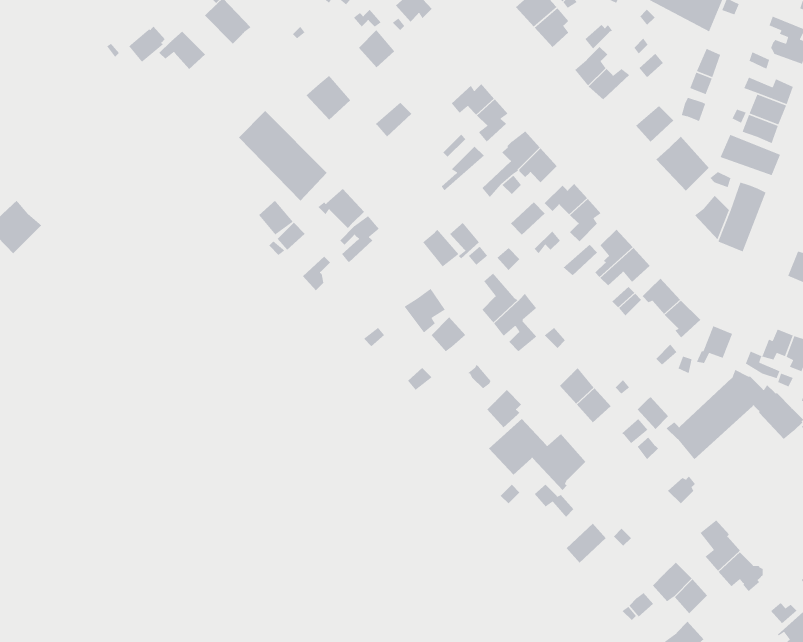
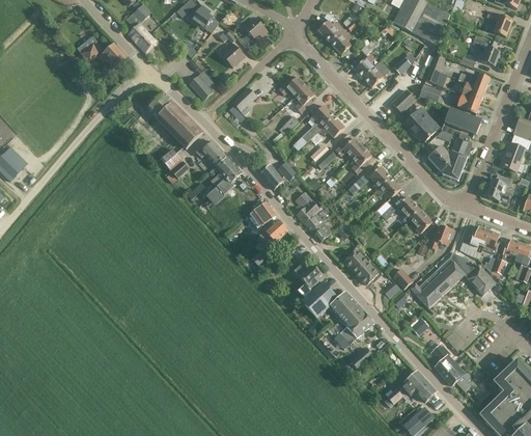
building: none -> [205,165,242,205]
building: none -> [346,308,373,337]

